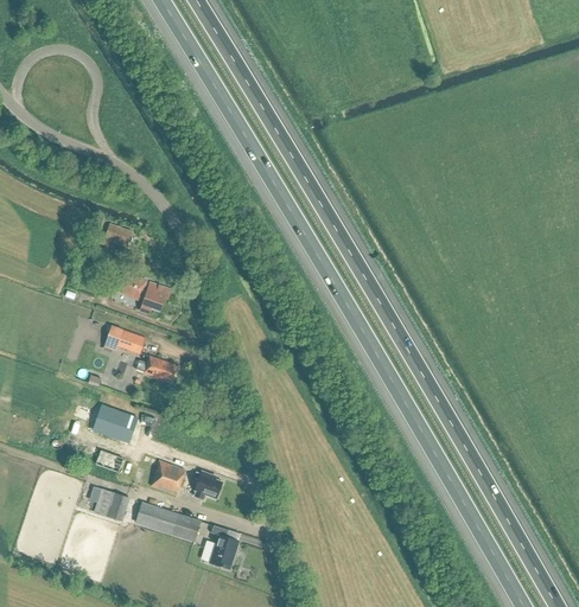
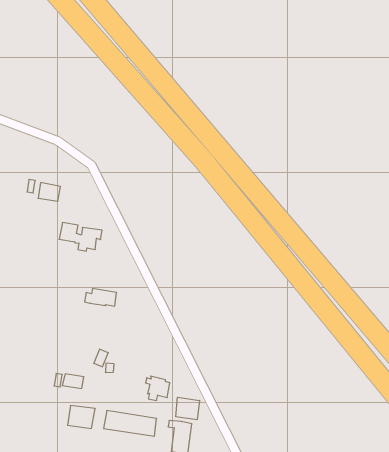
building: [103,325,146,353] -> none
building: [93,404,138,442] -> none
building: [151,460,185,494] -> none
building: none -> [176,397,200,420]

